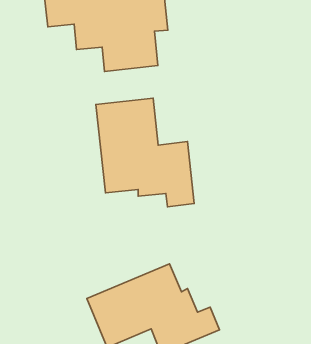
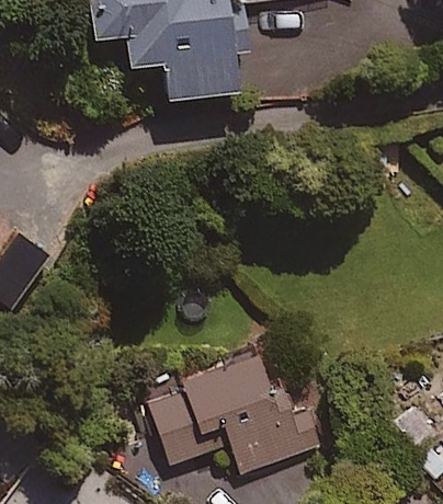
building: [96,98,194,207] -> none

